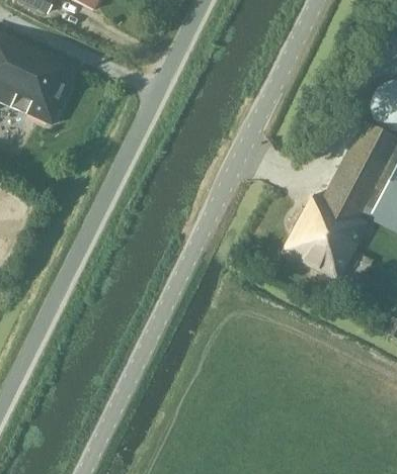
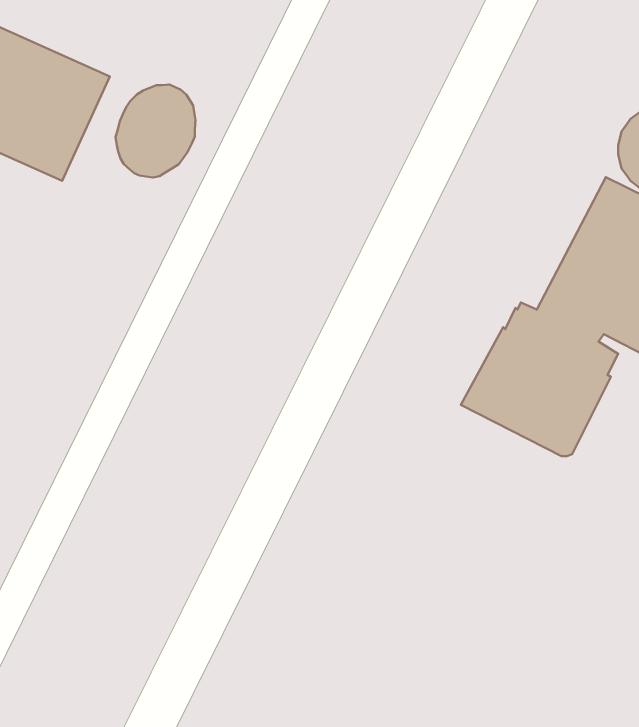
building: none -> [116,85,196,178]

